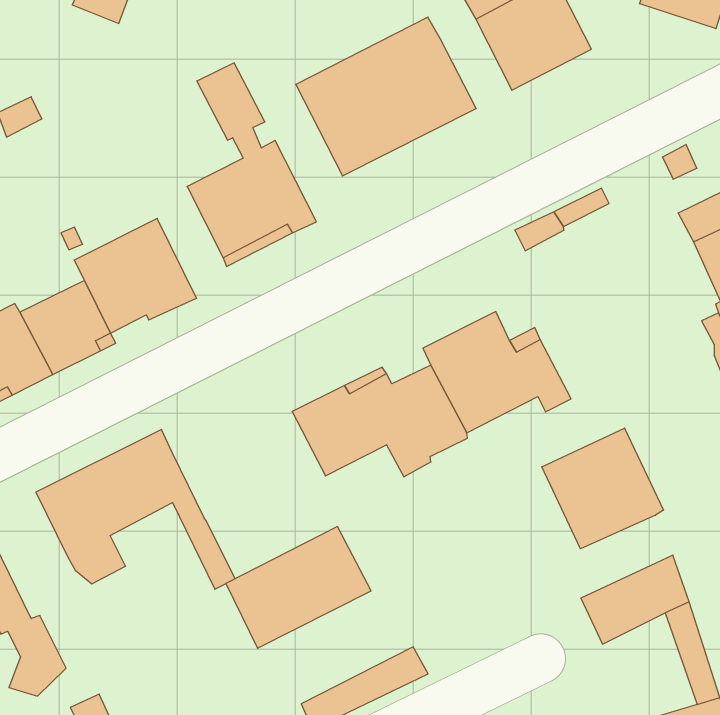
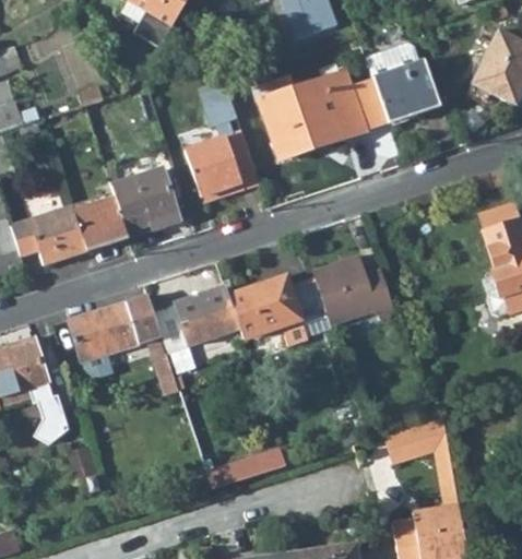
building: none -> [349,76,388,130]
building: [542,428,663,549] -> none
building: [226,527,371,648] -> [152,285,238,350]

